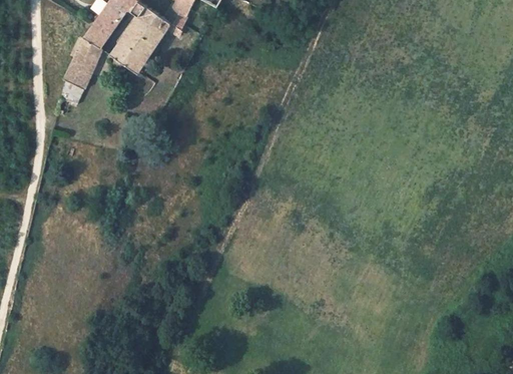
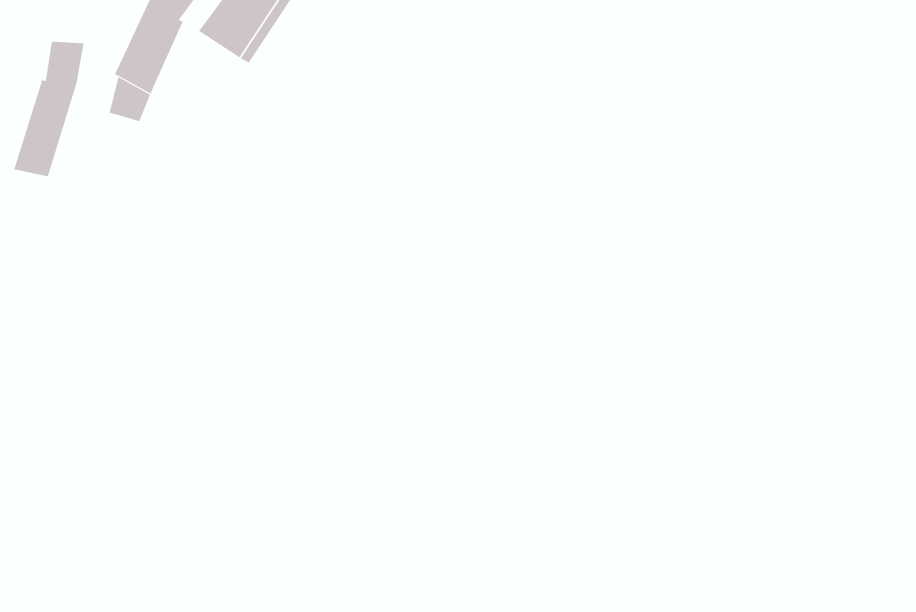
building: none -> [14,41,84,177]

